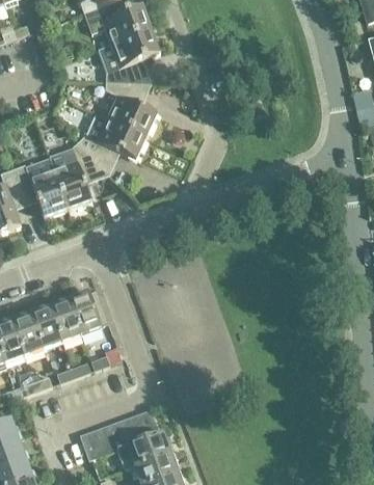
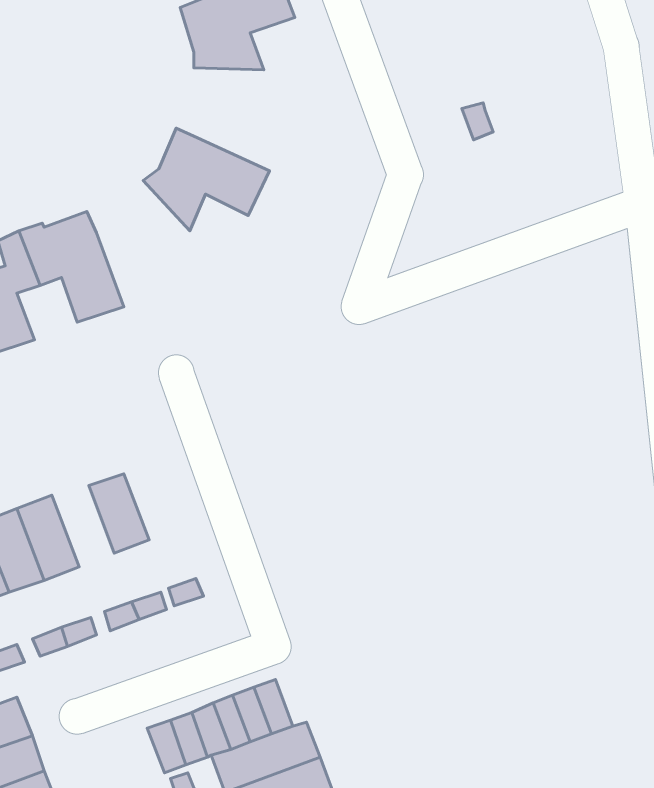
building: [105,82,156,137] -> none
building: [53,142,103,210] -> none
building: [66,290,101,334] -> none
building: [29,304,62,349] -> none

